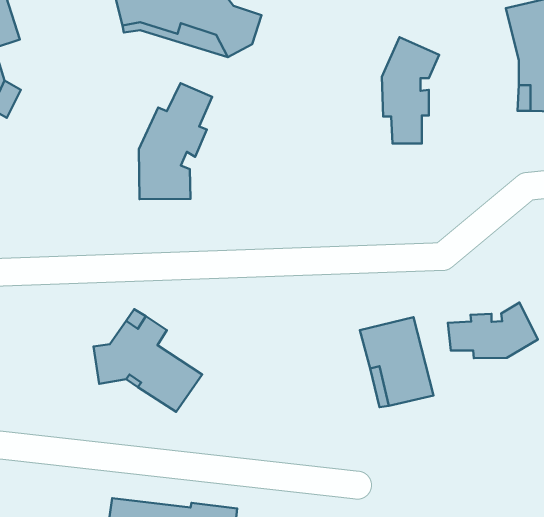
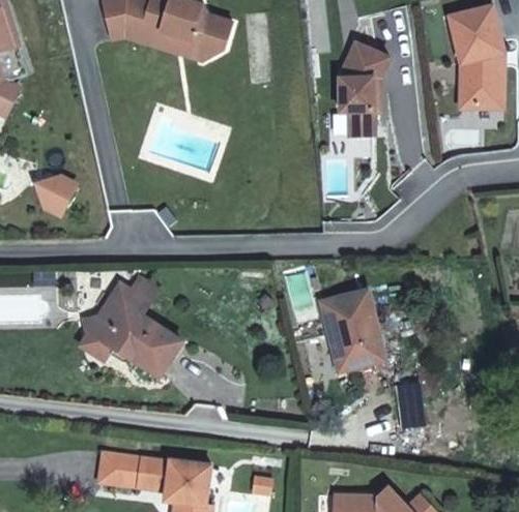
building: [139,83,212,199] -> none
building: none -> [39,177,74,214]
building: [448,302,538,358] -> none

